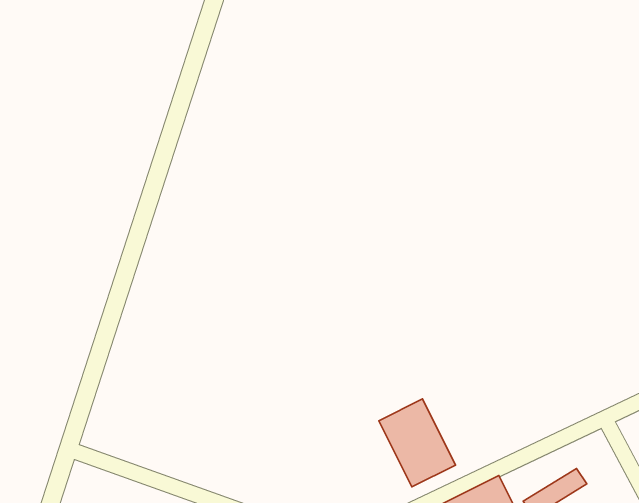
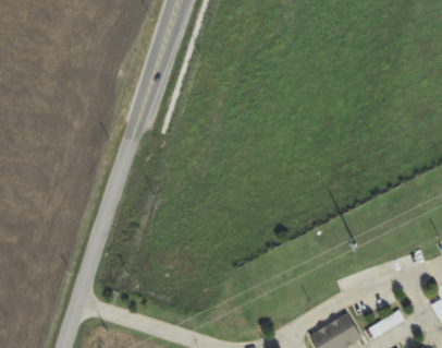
building: [379,399,456,487] -> none

